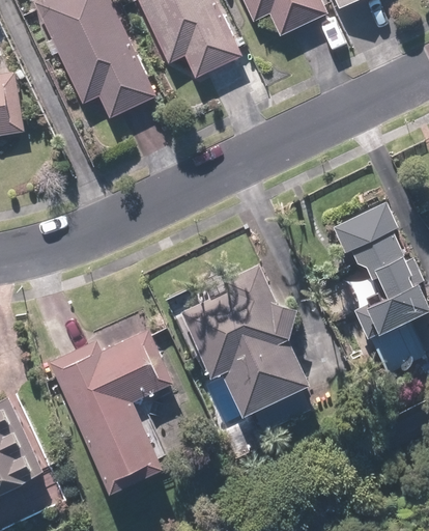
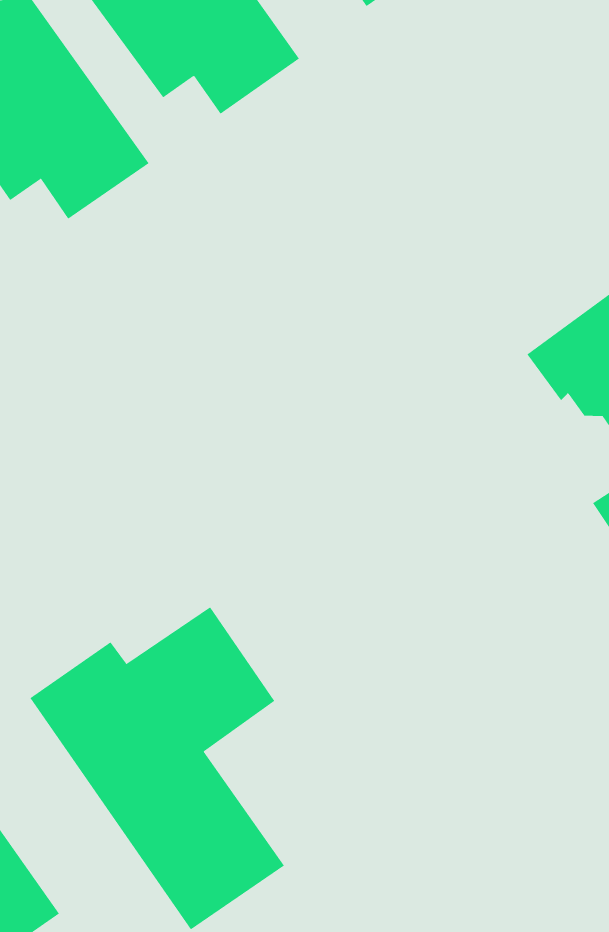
building: [179,274,311,416] -> none

